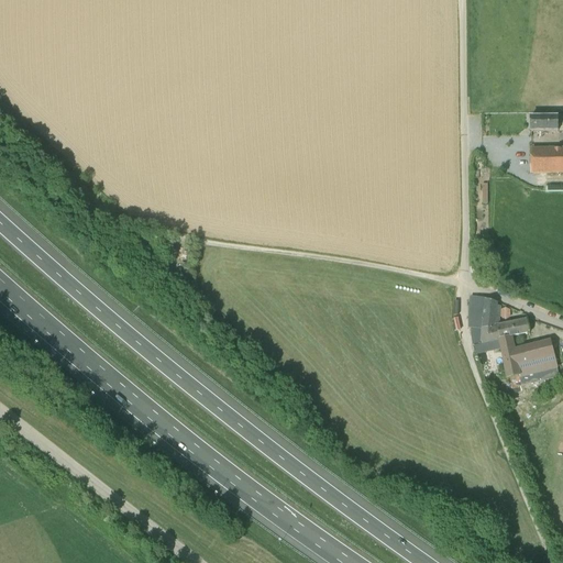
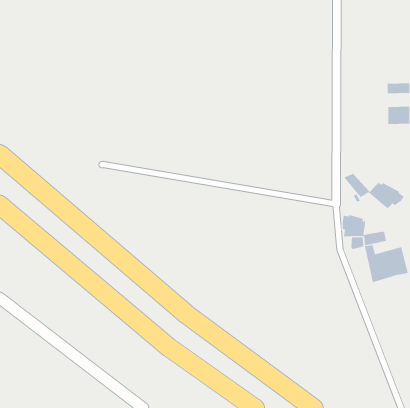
building: none -> [343,172,405,209]

